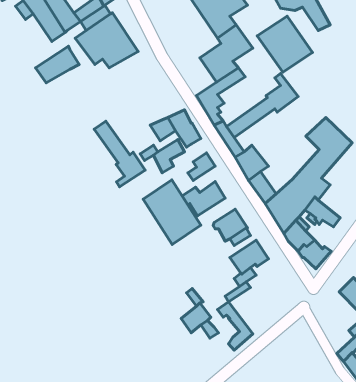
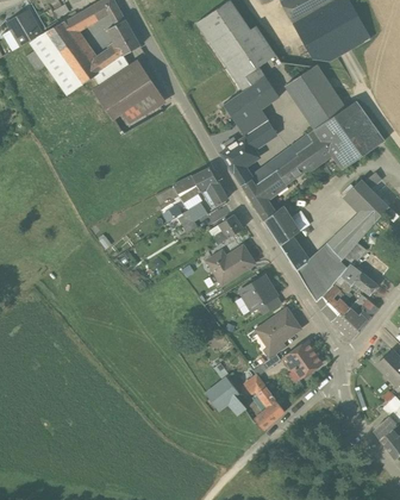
building: [35,46,79,83] -> none
building: none -> [313,99,383,168]
building: [94,121,145,187] -> none
building: [143,180,201,245] -> none
building: none -> [283,339,320,376]

